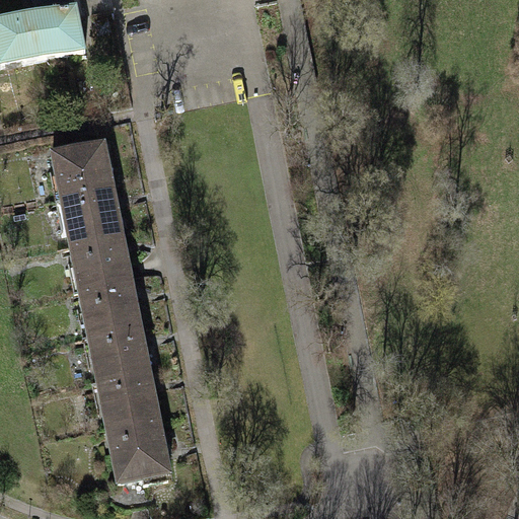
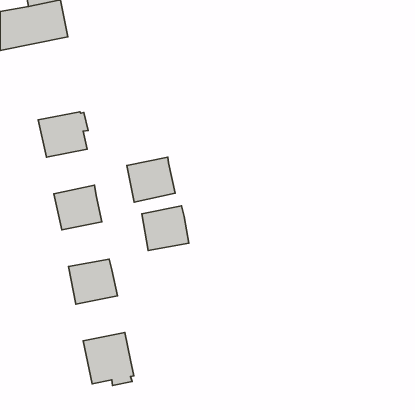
building: [60,186,120,241] -> [127,157,175,202]
building: [79,276,138,331] -> [142,206,189,251]
building: [96,368,157,424] -> none

